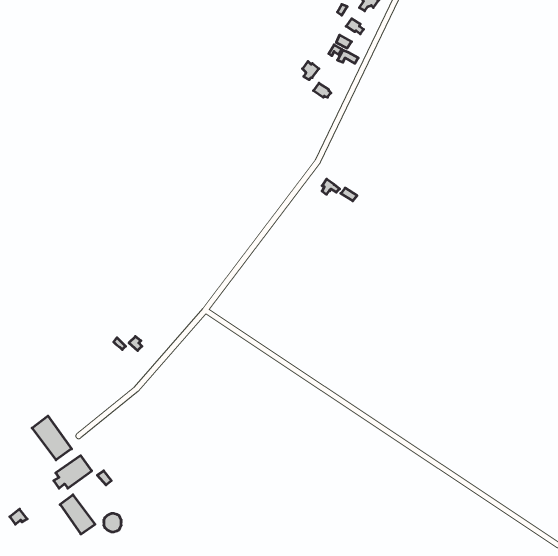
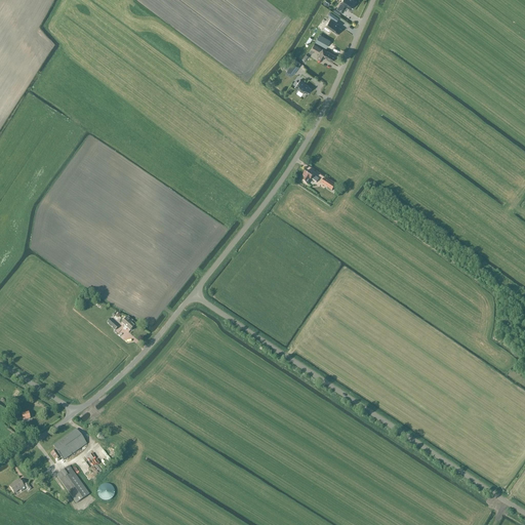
building: [32,416,72,460] -> none

